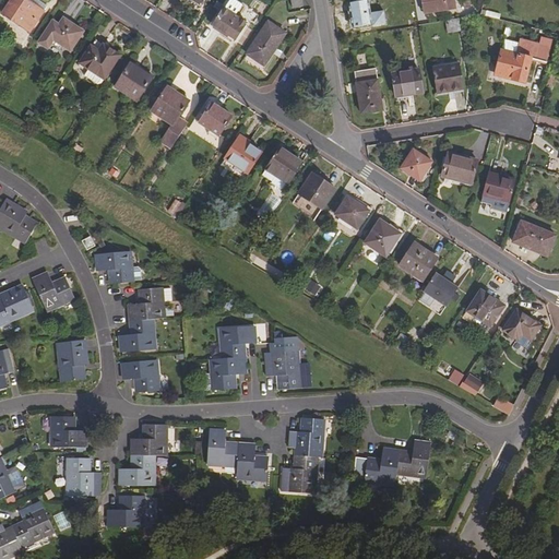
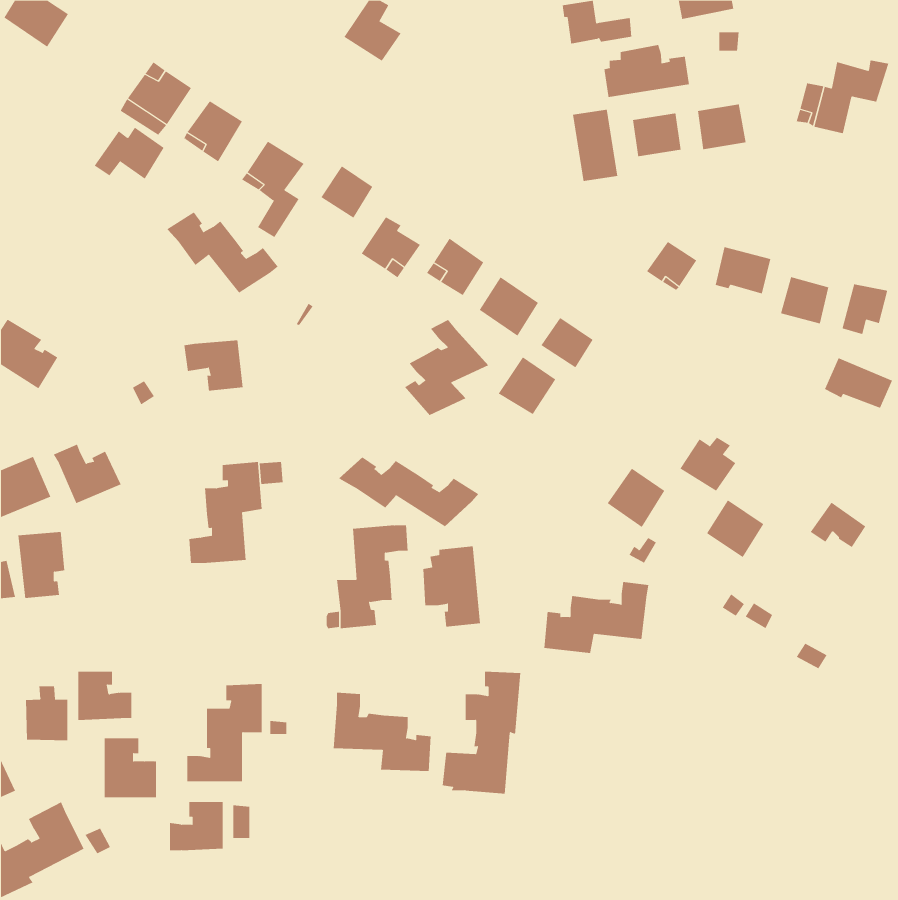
building: [39,16,83,49] -> [94,127,164,180]
building: [248,21,287,64] -> none
building: none -> [604,44,689,98]
building: none -> [166,212,278,293]
building: none -> [842,283,888,335]
building: none -> [404,319,489,416]
building: [365,221,401,257] -> [498,357,556,415]
building: [399,242,435,280] -> [607,468,665,528]
building: [94,250,131,282] -> [184,340,243,391]
building: none -> [338,457,479,527]
building: [466,289,502,325] -> [706,500,764,558]
building: [57,340,86,381] -> [18,532,65,599]
building: [120,359,157,391] -> none
building: none -> [26,685,68,741]
building: [366,439,431,484] -> [543,581,649,654]

